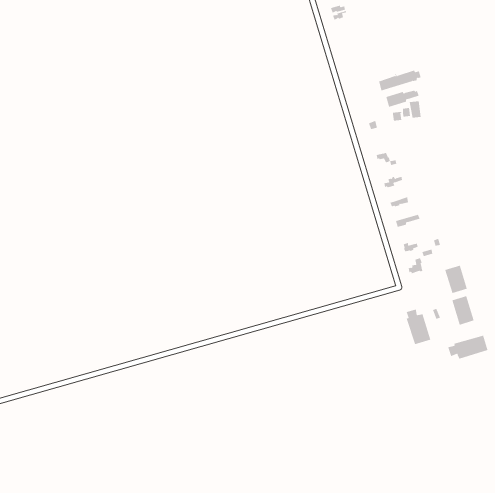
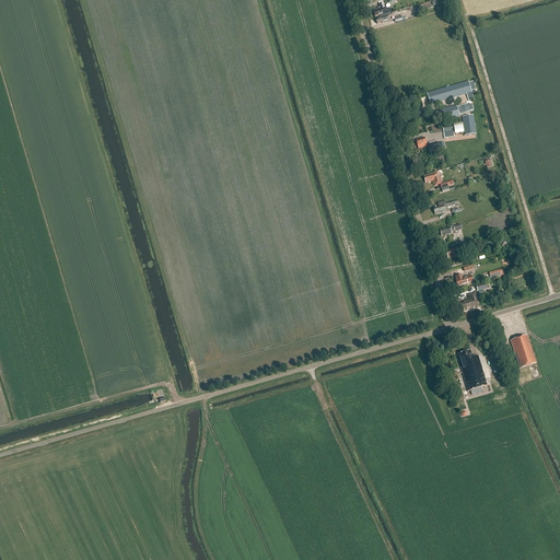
building: [445,265,468,294] -> none
building: [448,335,488,359] -> none

